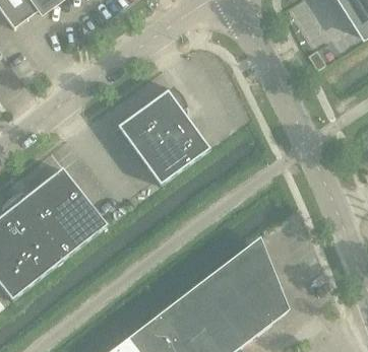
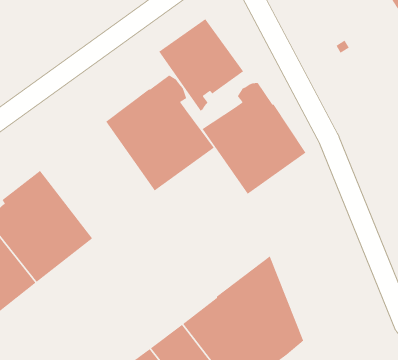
building: none -> [158,18,244,112]
building: none -> [201,82,307,195]

